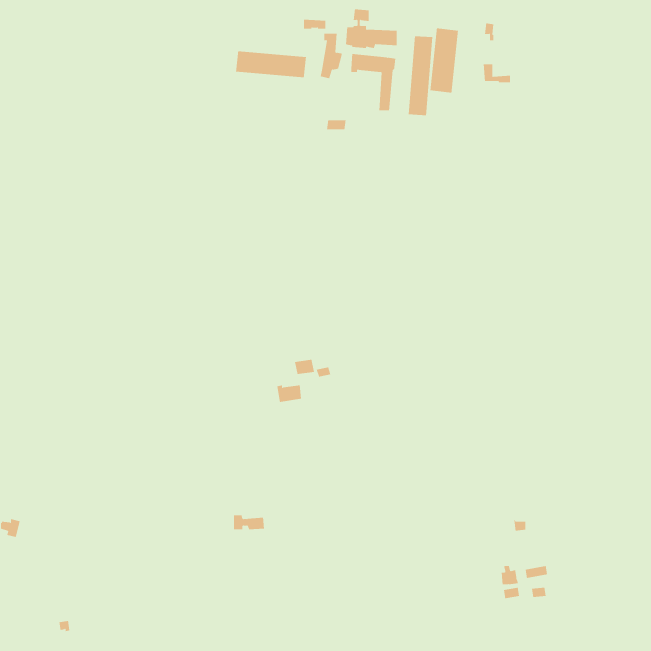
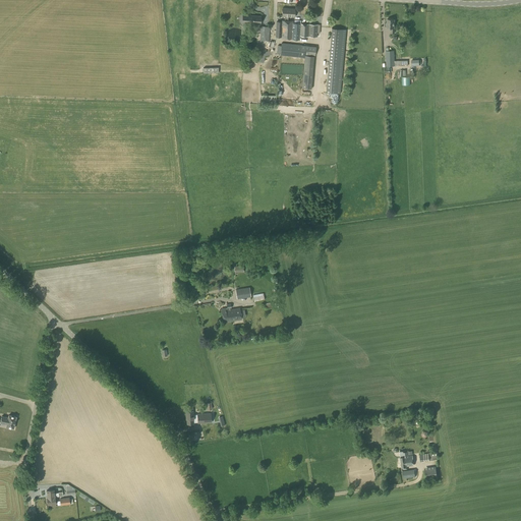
building: [430,28,458,94] -> none
building: [236,50,306,78] -> none

